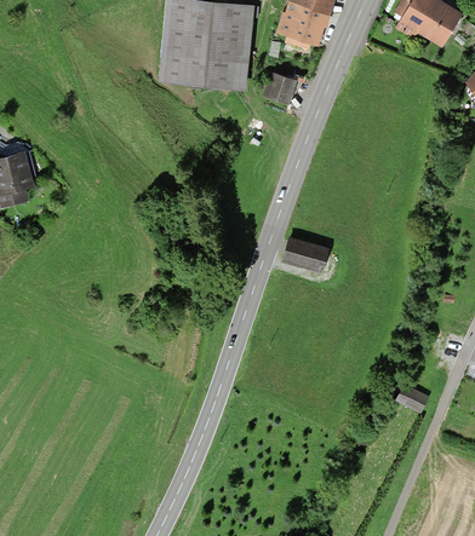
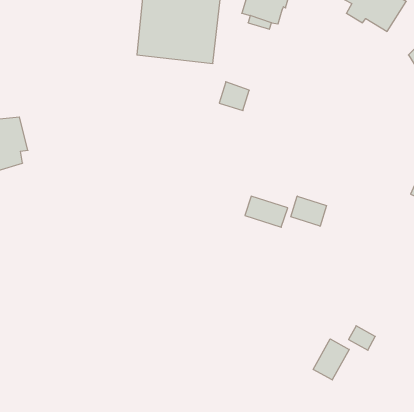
building: [263,69,297,102] -> [219,82,249,111]
building: none -> [291,196,327,226]
building: none -> [313,339,349,380]

